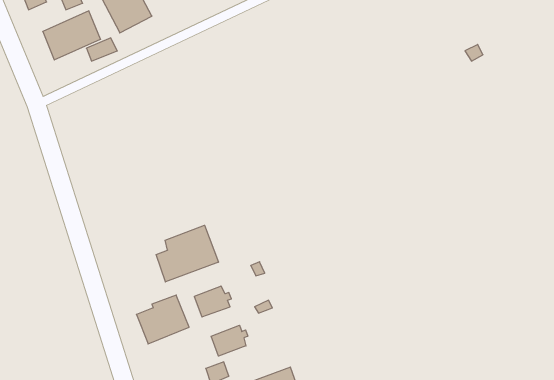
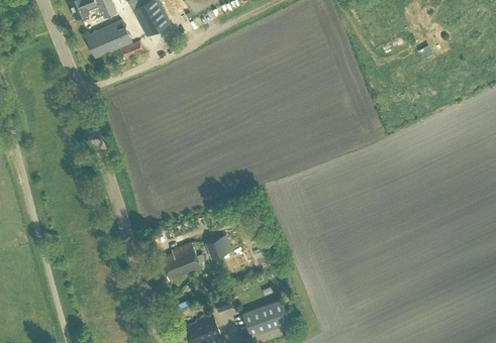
building: [156,225,218,282] -> none
building: [211,325,248,356] -> none

